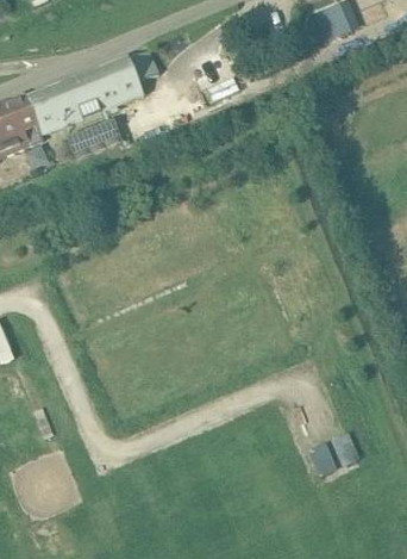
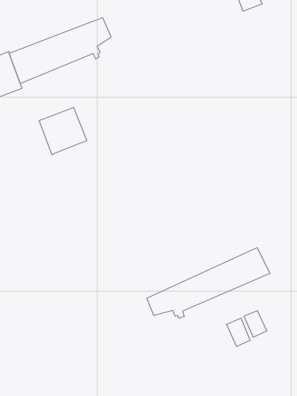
building: none -> [39,107,87,155]
building: none -> [147,248,270,318]

